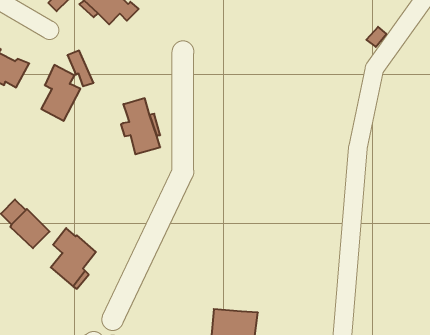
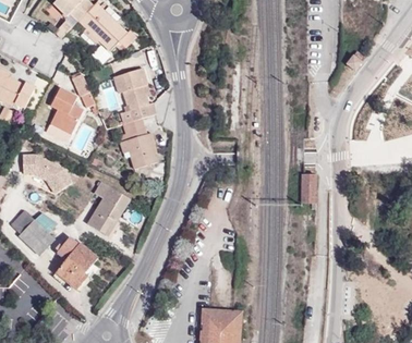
building: none -> [113,68,156,123]
building: none -> [23,155,72,193]
building: none -> [301,172,317,203]
building: none -> [87,181,131,235]

